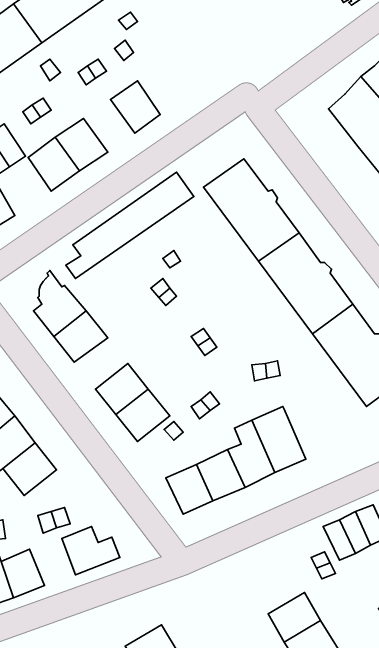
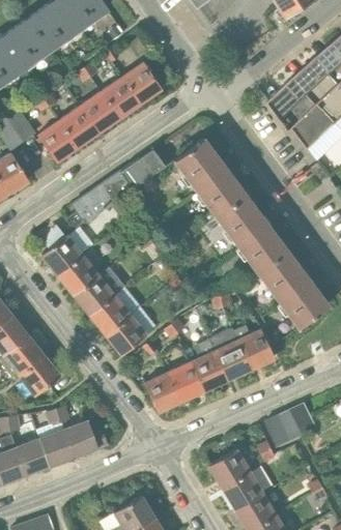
building: none -> [122,63,162,104]
building: none -> [81,92,120,132]
building: none -> [74,267,125,315]
building: none -> [235,325,275,369]
building: none -> [39,430,75,466]
building: none -> [209,449,251,488]

